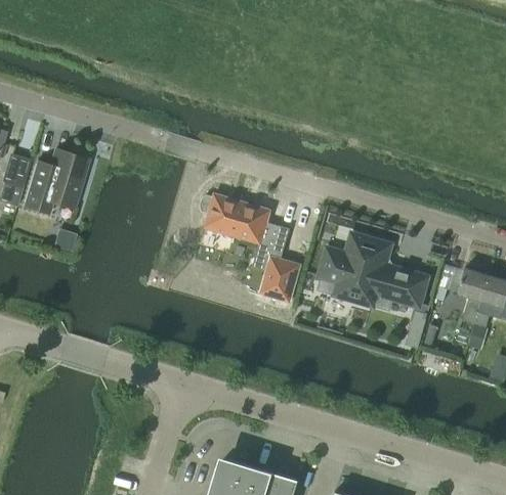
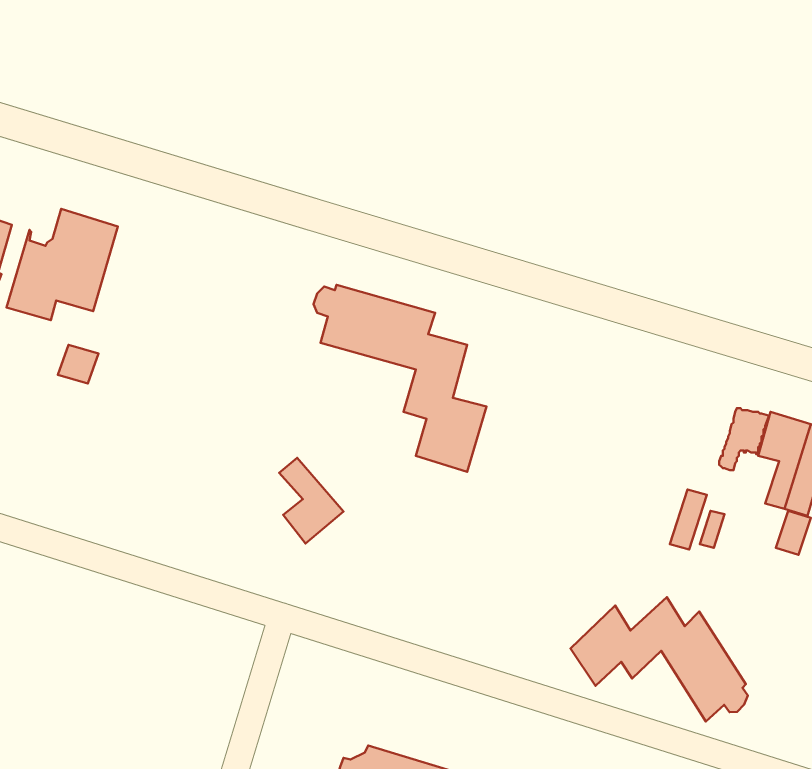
building: [320,235,426,312] -> none
building: none -> [279,458,343,543]
building: none -> [570,597,748,721]

